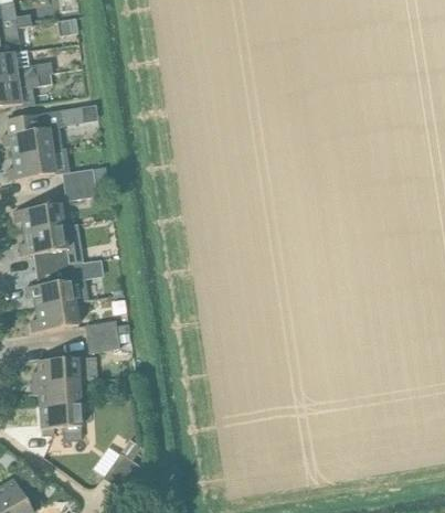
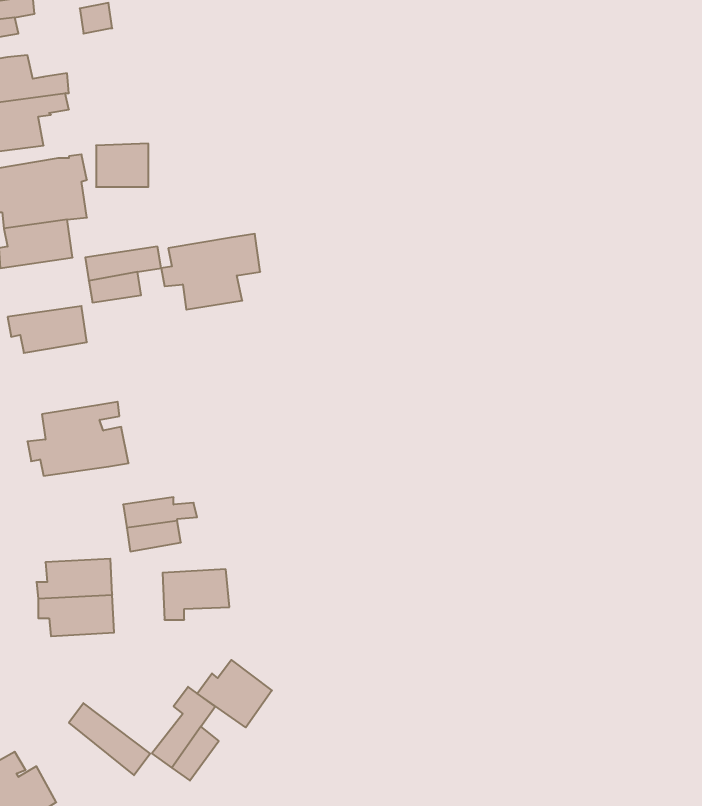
building: [20,223,81,269] -> [161,234,260,310]
building: [32,301,80,331] -> none
building: [41,403,82,434] -> [163,569,229,620]
building: none -> [197,660,272,727]

